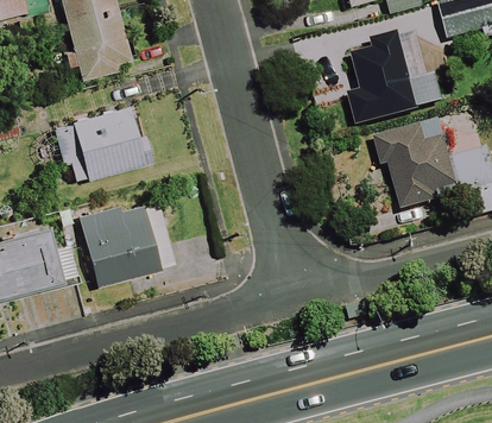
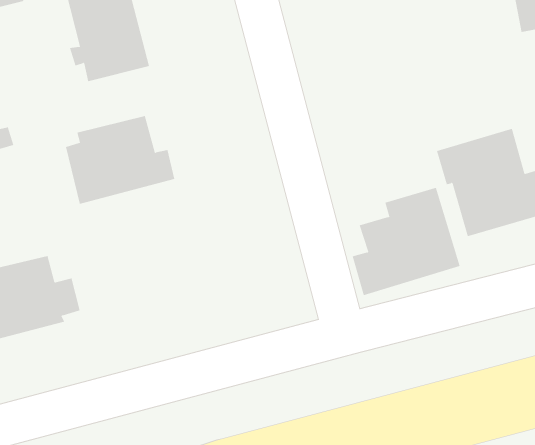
building: [347,34,439,126] -> [352,187,461,296]
building: [78,200,172,286] -> none

